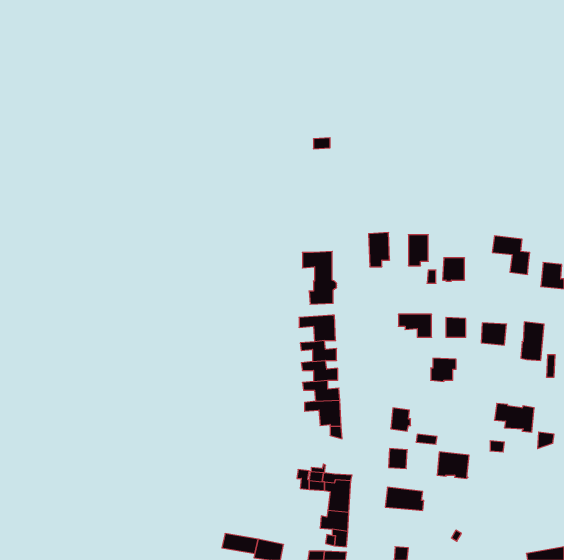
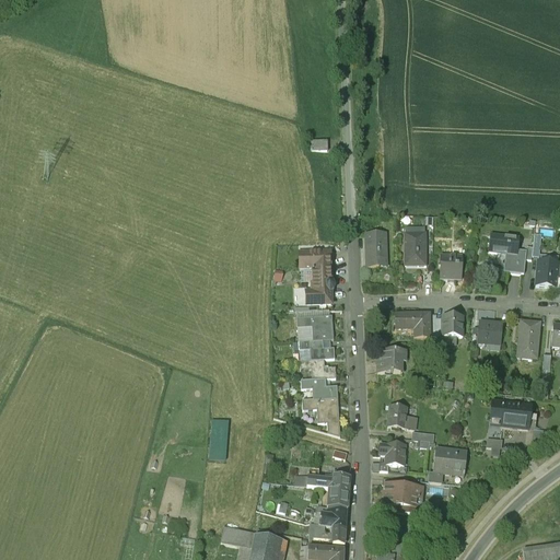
building: [431,358,456,381] -> [378,349,404,372]
building: none -> [208,418,226,458]

